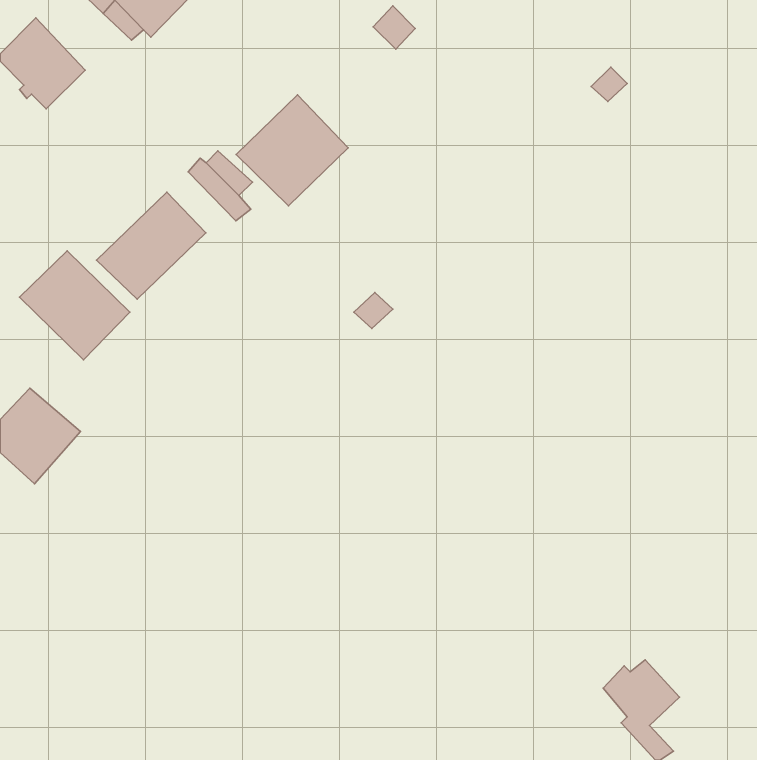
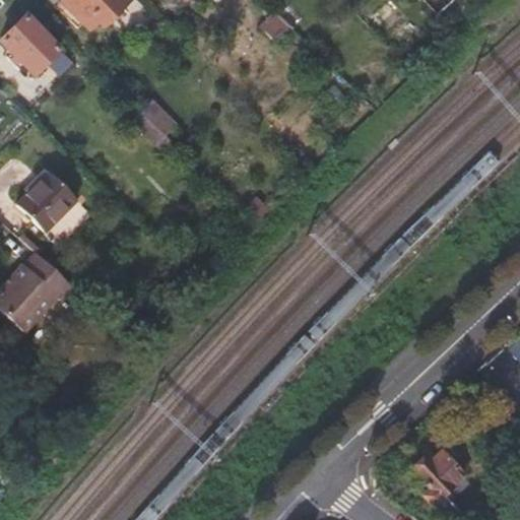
building: [236,95,348,206] -> none
building: [97,192,206,299] -> none

